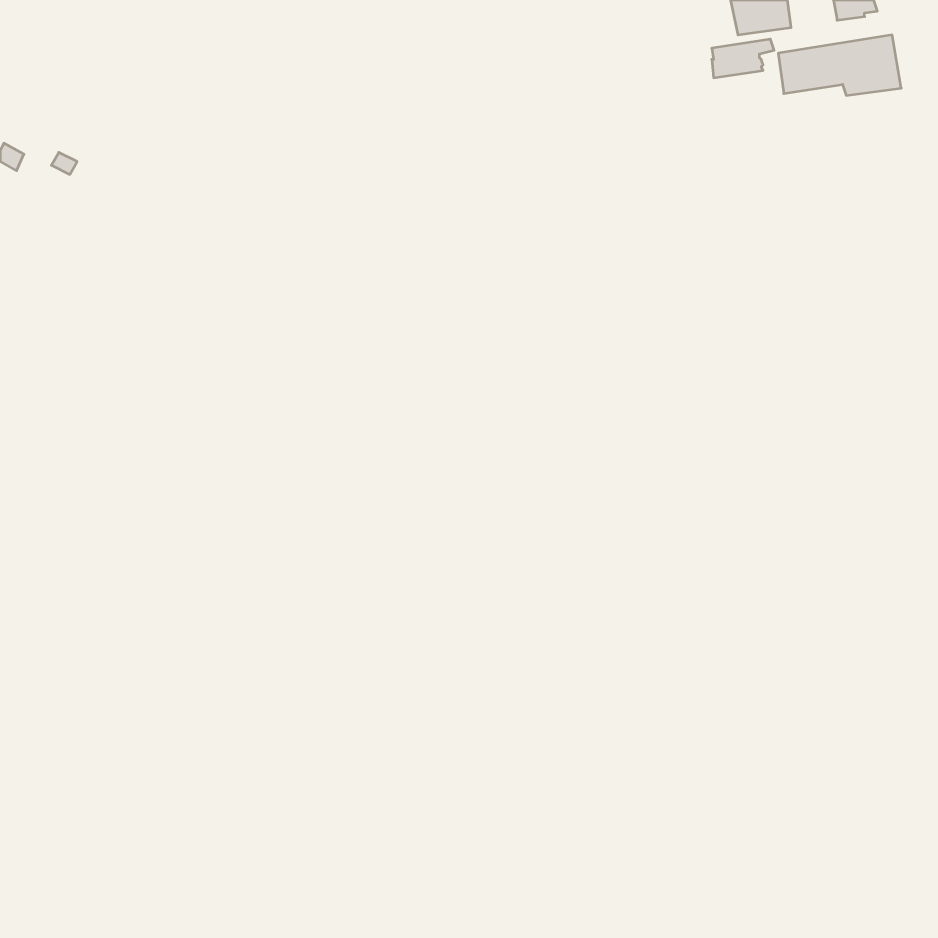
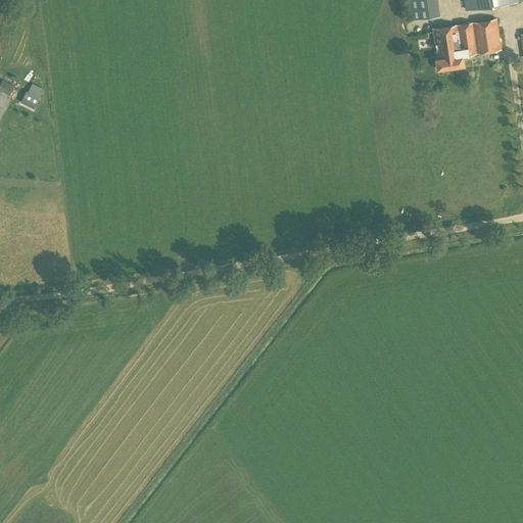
building: [712,39,774,78] -> [436,47,471,68]

